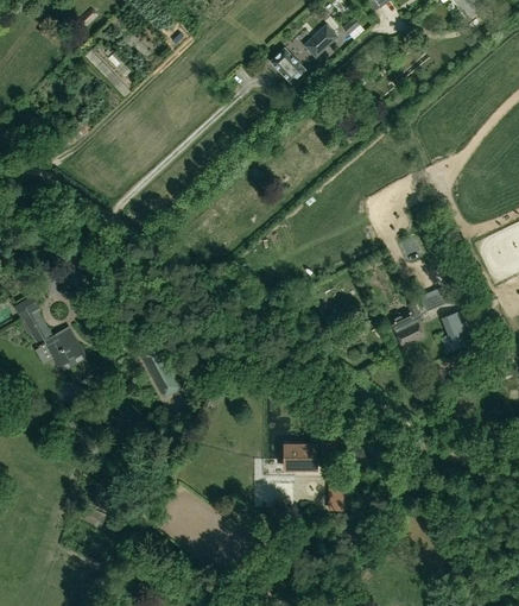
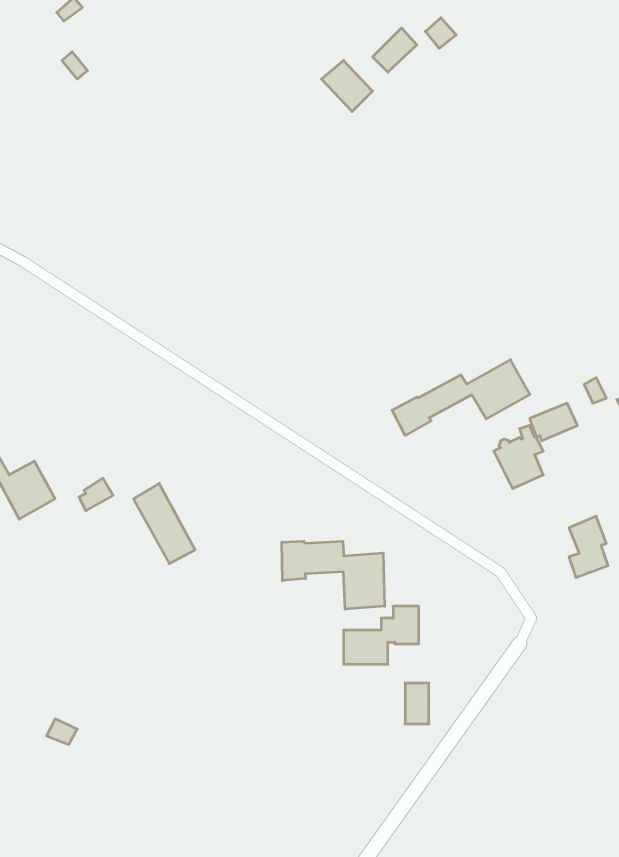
building: none -> [392,360,530,435]
building: [441,311,468,354] -> [569,516,608,577]
building: none -> [282,541,385,609]

